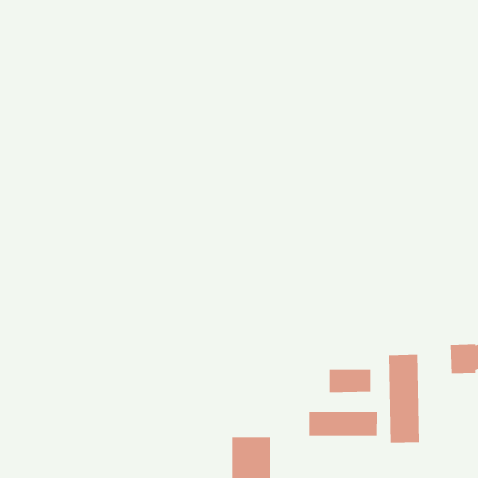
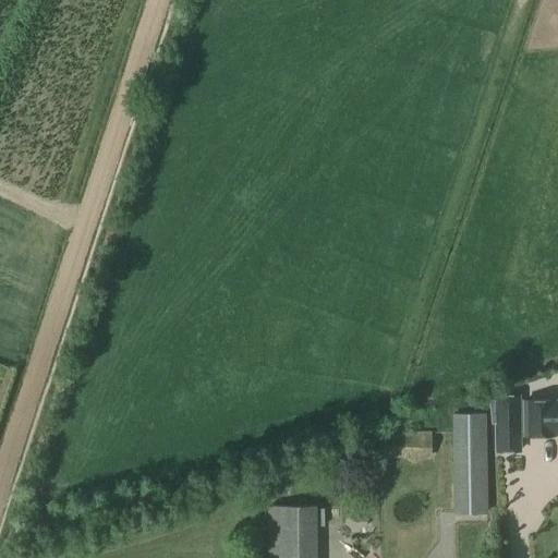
building: none -> [489,392,520,451]
building: [309,411,377,436] -> none

